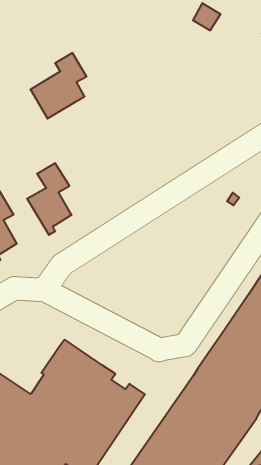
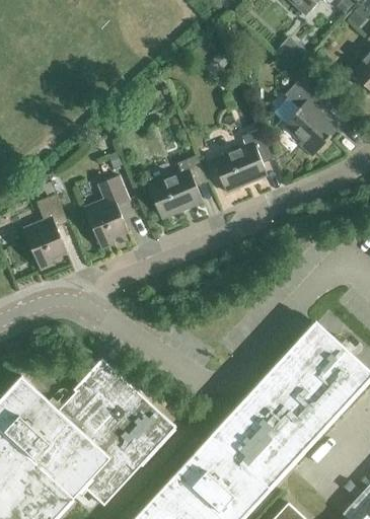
building: none -> [285,78,338,157]
building: [30,53,87,119] -> [148,156,208,220]
building: none -> [213,130,274,193]

